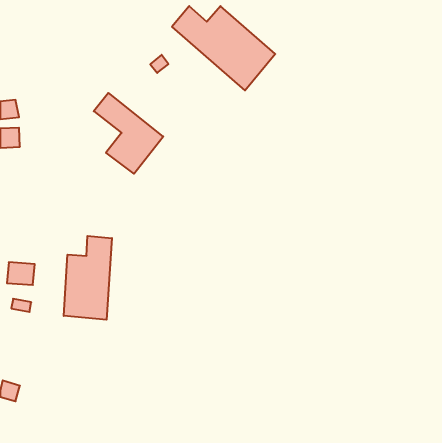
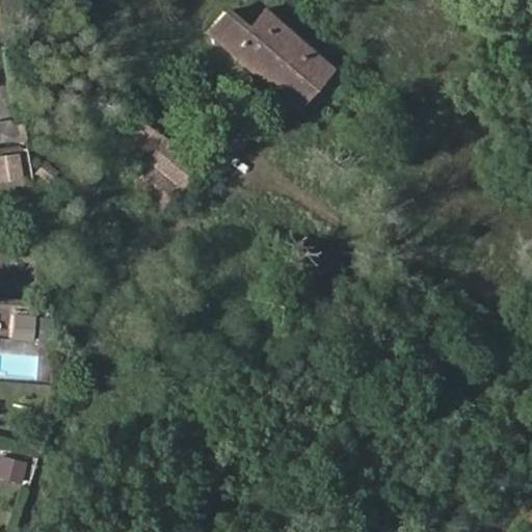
building: [64,236,112,320] -> none

